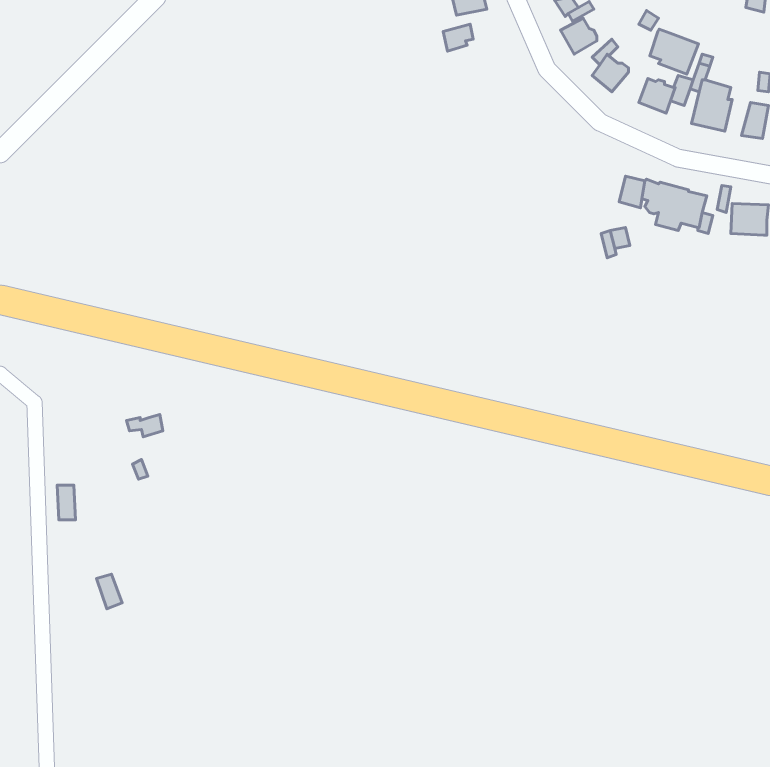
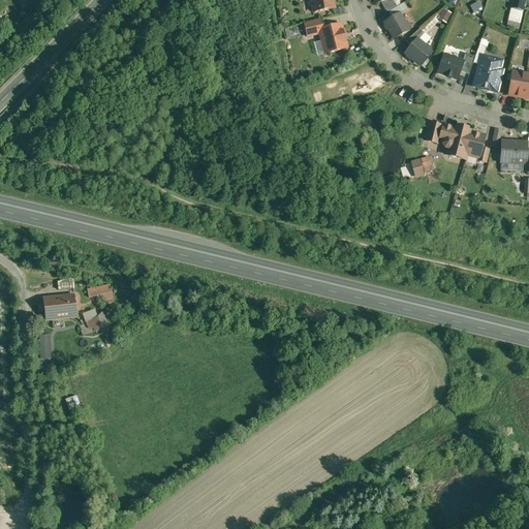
building: [650,29,699,74] -> none
building: none -> [319,23,346,51]
building: none -> [38,293,76,319]

